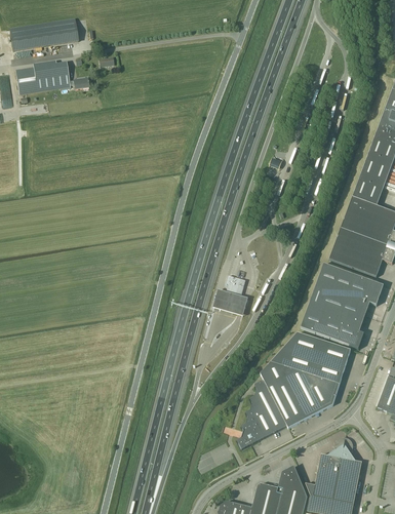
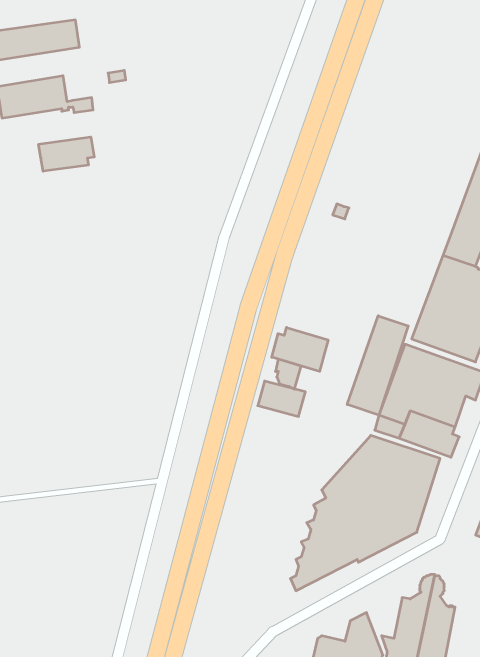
building: none -> [39,137,94,171]
building: none -> [347,316,408,415]
building: none -> [272,327,328,371]

